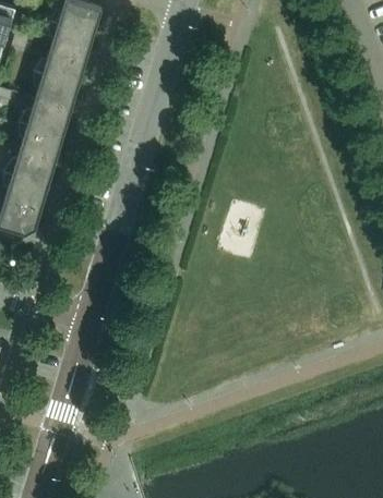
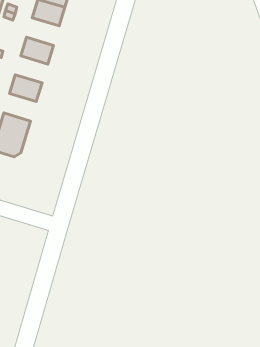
building: [43,47,86,84] -> none
building: [27,98,71,134] -> none
building: [12,148,56,185] -> none

